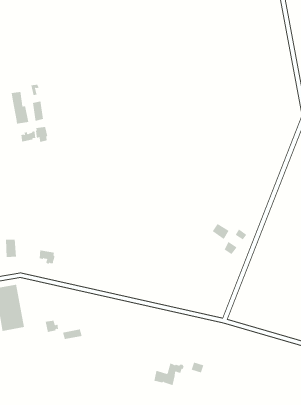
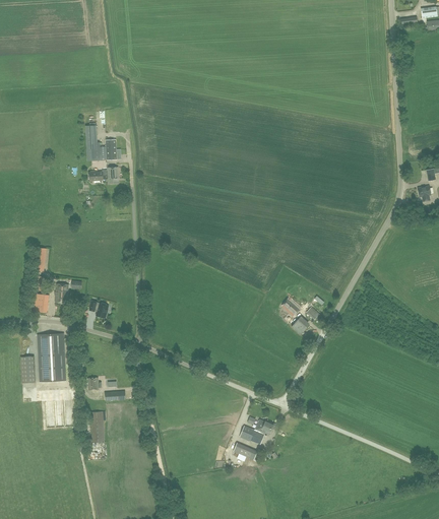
building: none -> [90,410,106,442]
building: [154,363,184,386] -> [240,418,275,444]

